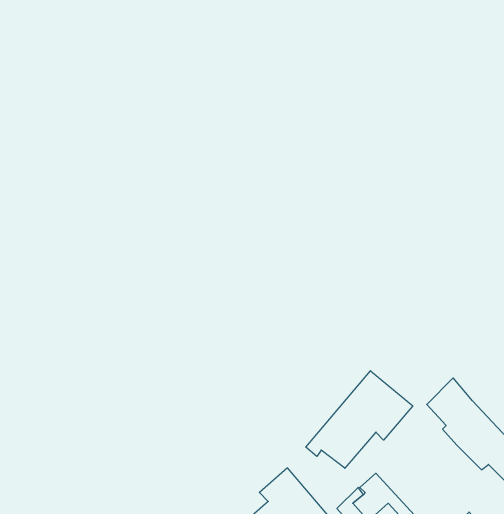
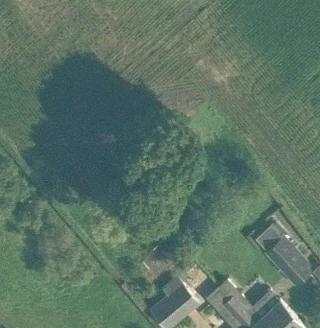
building: [306,371,413,468] -> none

